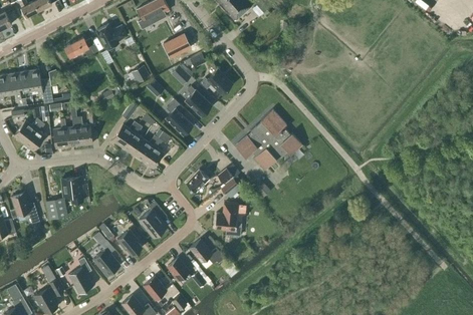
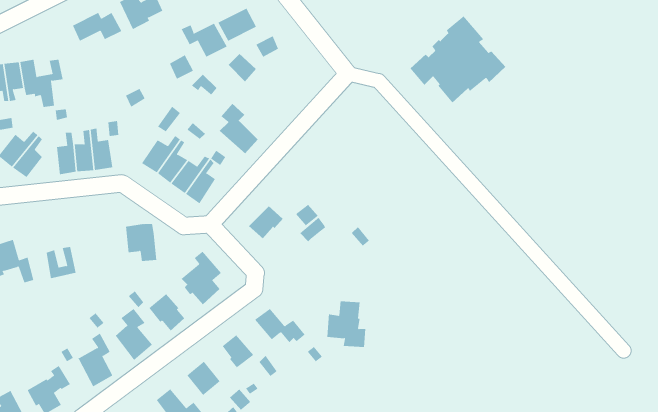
building: none -> [181,22,228,57]
building: [200,69,232,94] -> none
building: [185,86,211,116] -> none
building: [235,109,301,170] -> [410,16,506,104]
building: [61,177,83,203] -> [125,224,157,262]
building: [214,204,241,236] -> [327,301,366,348]

